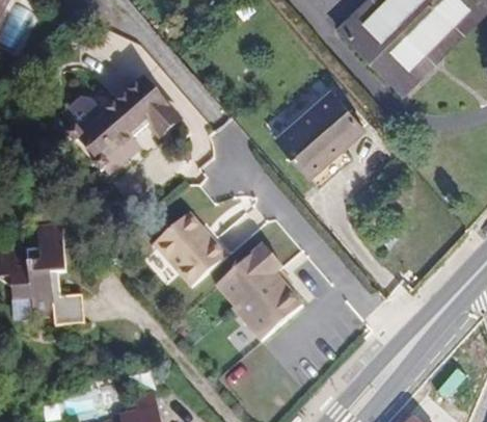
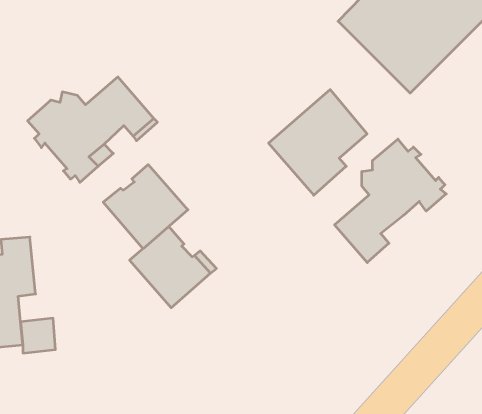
building: none -> [335,139,446,263]
building: none -> [103,165,188,249]
building: [214,242,300,338] -> none

